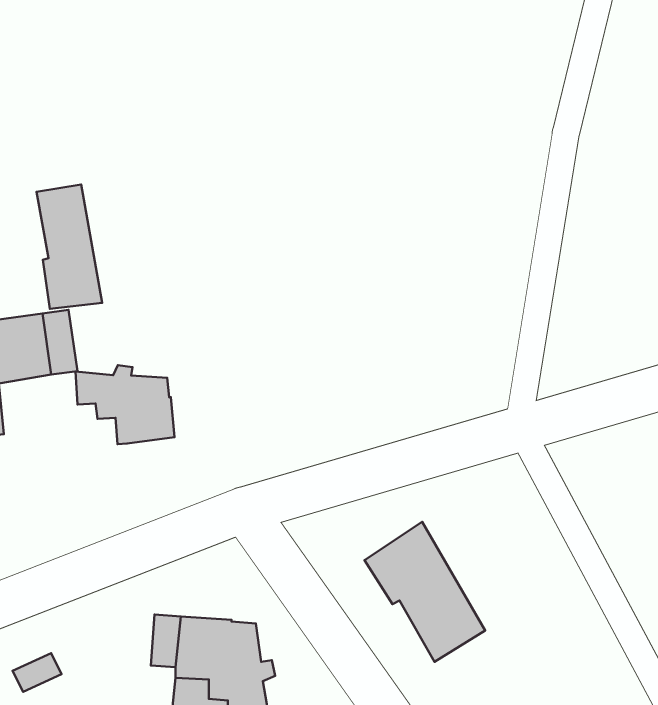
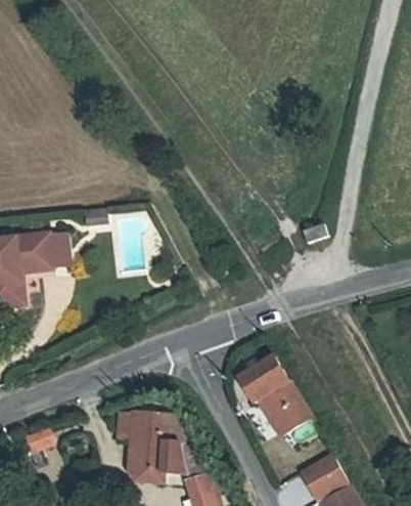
building: [36,185,102,309] -> none
building: [75,365,175,444] -> none

